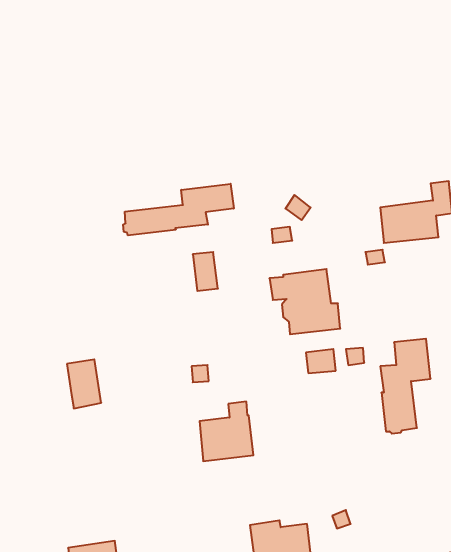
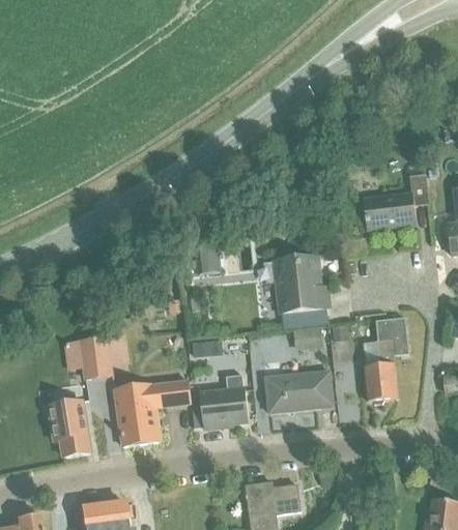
building: [123,184,234,235] -> none
building: none -> [265,371,334,412]
building: none -> [115,380,192,445]
building: none -> [50,400,90,457]

